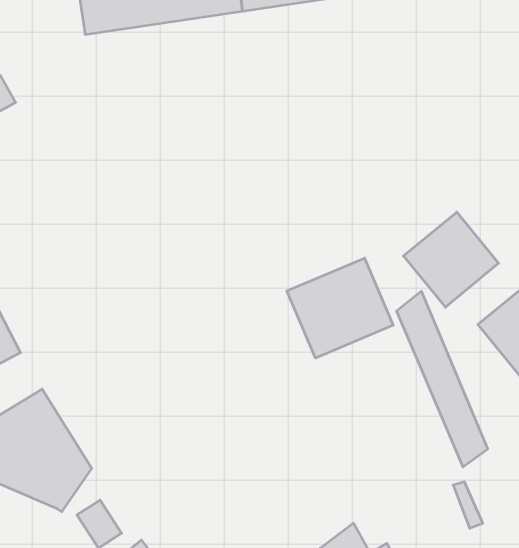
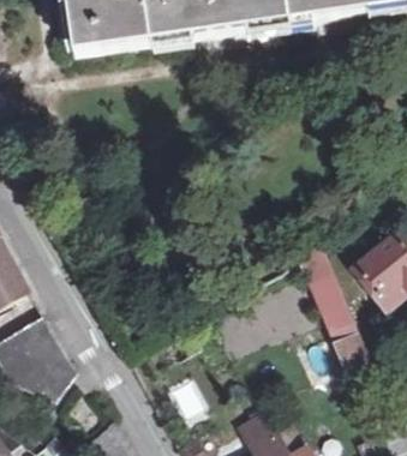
building: [403,212,499,307] -> none
building: [287,258,393,358] -> none

